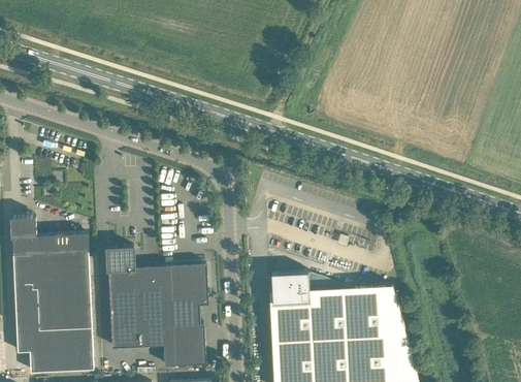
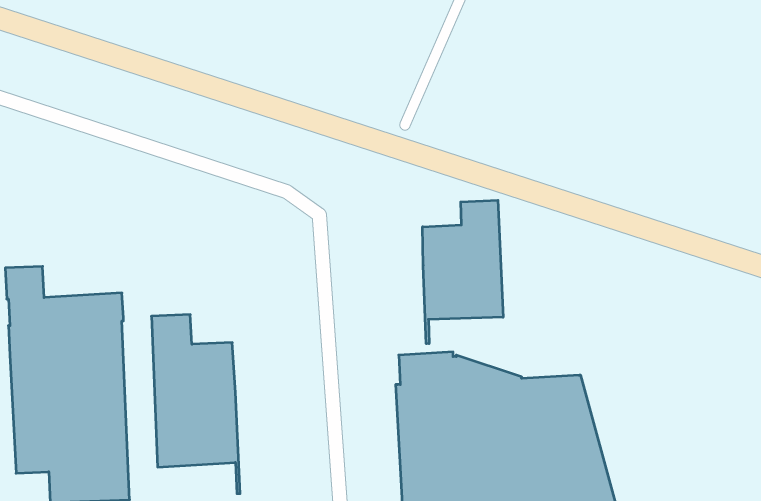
building: none -> [423,200,503,344]
building: [161,265,208,367] -> none

